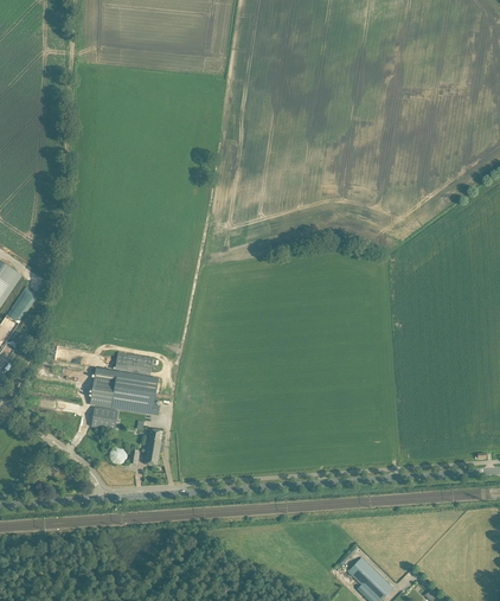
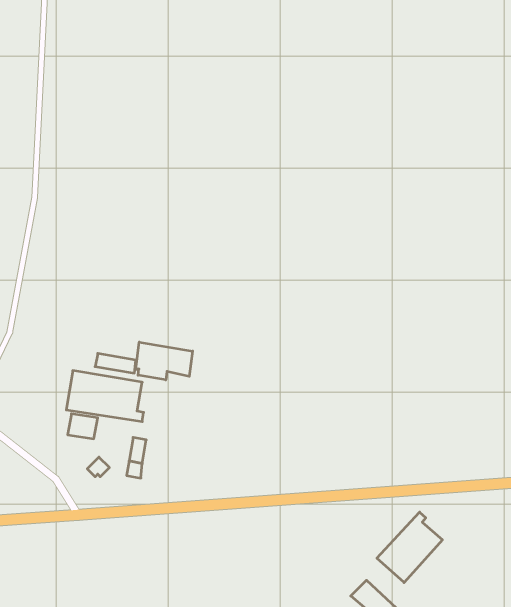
building: none -> [136,342,193,380]
building: none -> [377,512,442,583]

